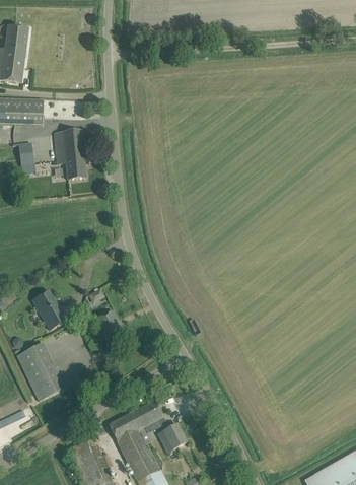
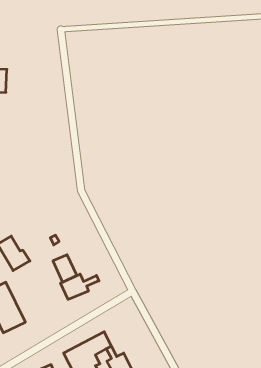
building: [54,130,85,180] -> none
building: none -> [61,274,99,299]

